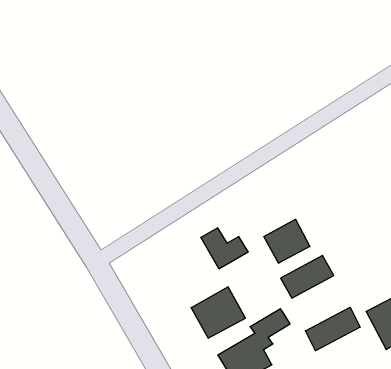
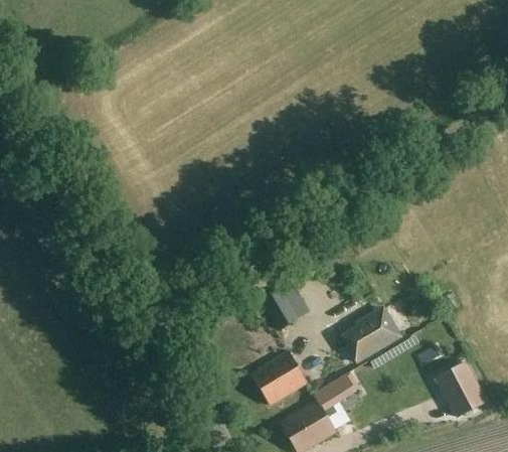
building: [264,219,310,263] -> none
building: [305,307,360,351] -> none

